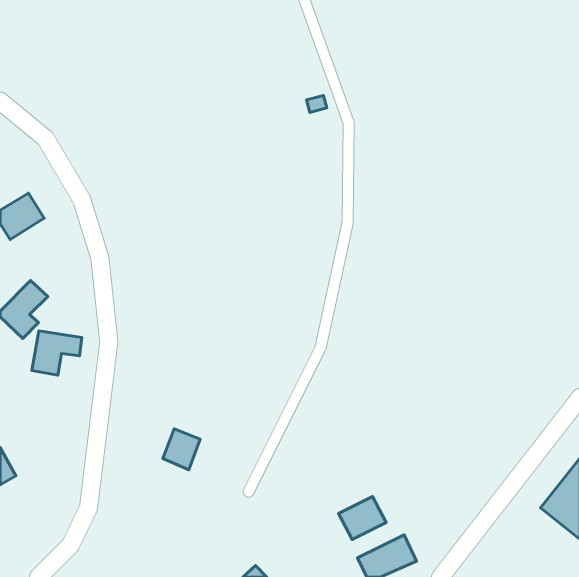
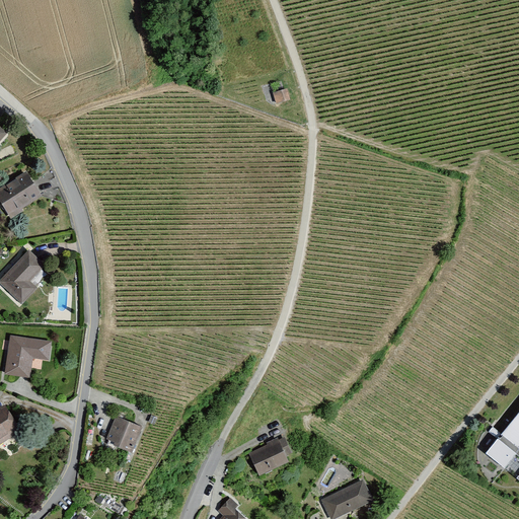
building: [32,331,82,375] -> [5,337,50,376]
building: [163,429,200,470] -> [105,418,139,454]
building: [339,496,386,540] -> [246,439,289,477]

